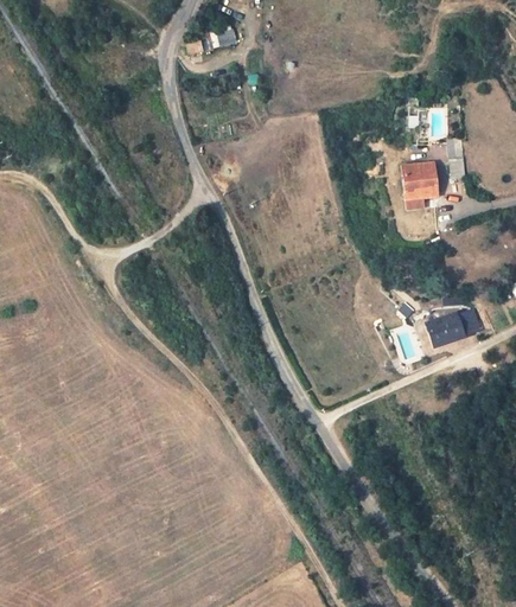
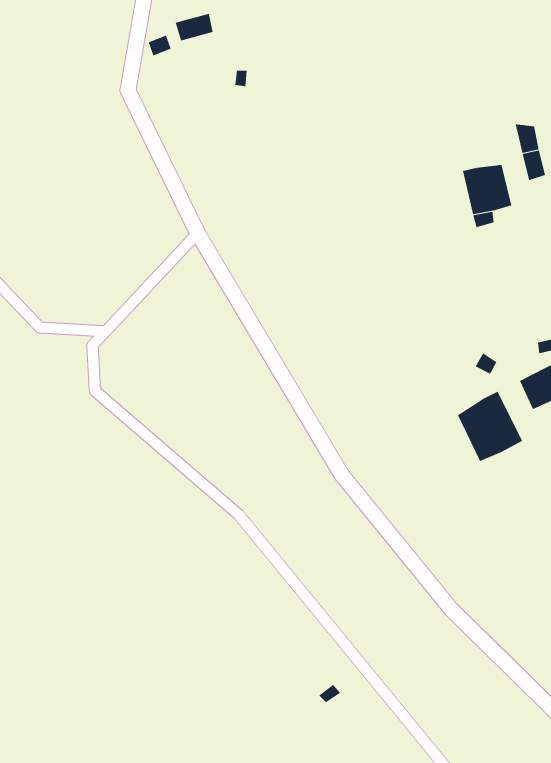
building: none -> [457,391,523,462]

